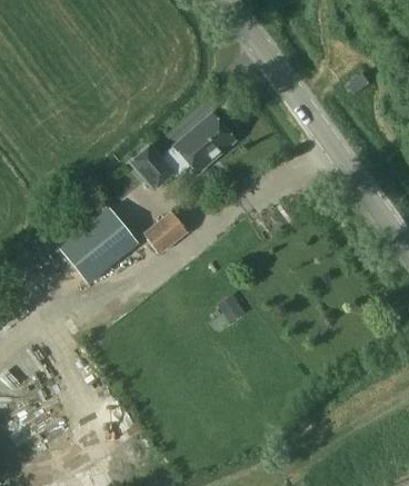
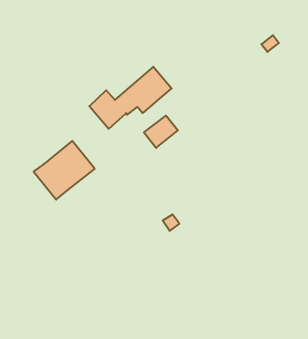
building: [142,211,186,252] -> [144,116,178,148]

